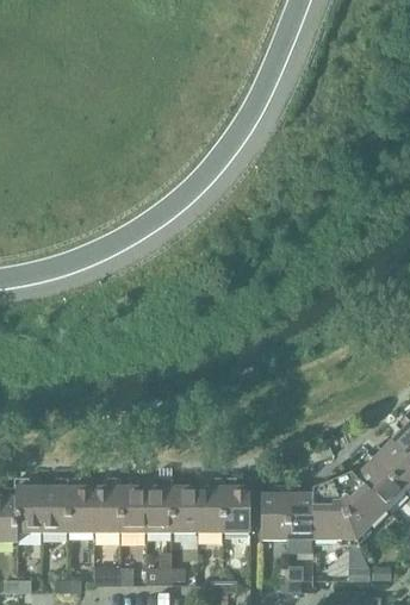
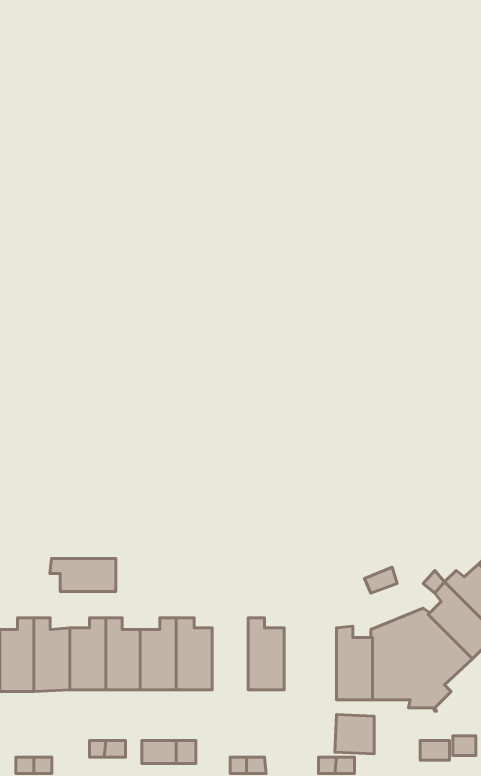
building: none -> [50,558,116,592]
building: [197,480,223,532] -> none
building: [260,487,287,539] -> none

